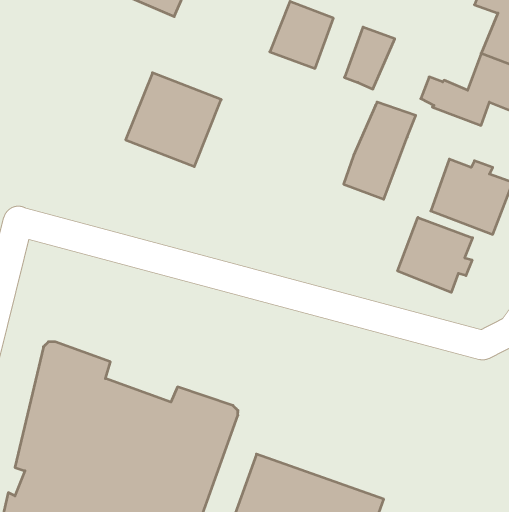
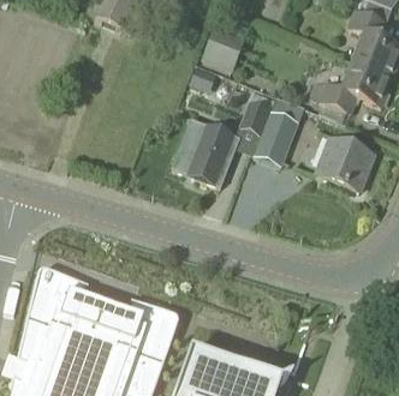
building: [344,27,395,89] -> [239,90,275,134]
building: [126,73,221,167] -> [171,118,239,185]
building: [398,217,473,292] -> none

